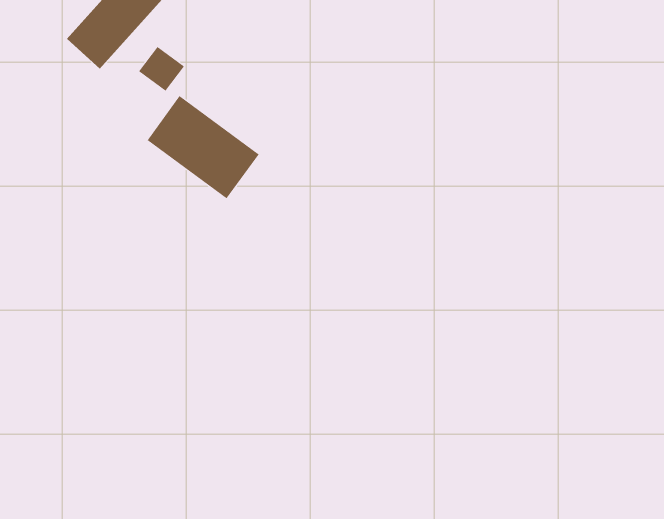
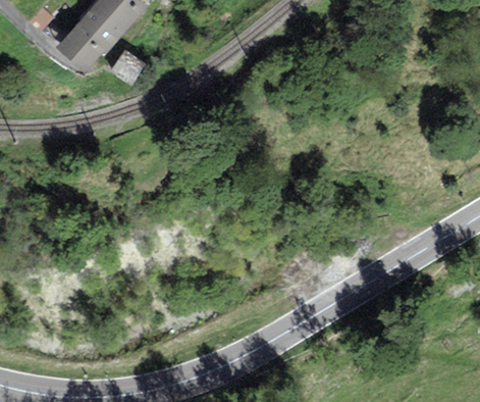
building: [147,95,260,199] -> none

